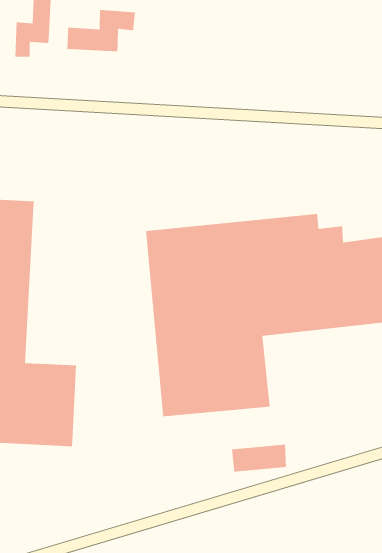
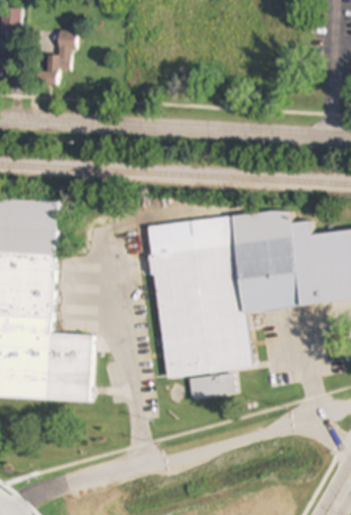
building: [67,9,136,52] -> none
building: [231,444,287,472] -> [190,375,235,398]

